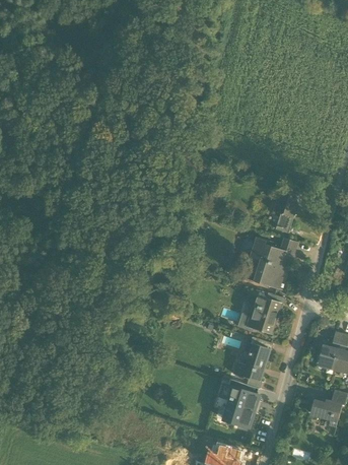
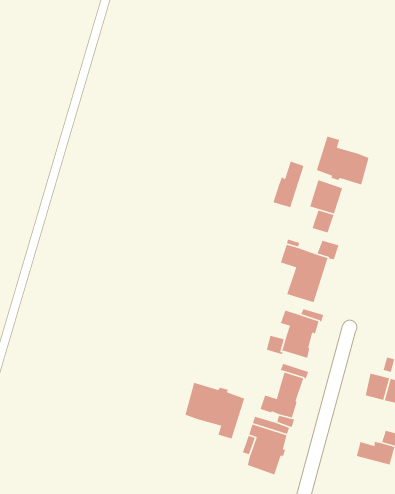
building: none -> [316,136,369,186]
building: none -> [273,161,304,208]
building: none -> [185,382,245,440]

